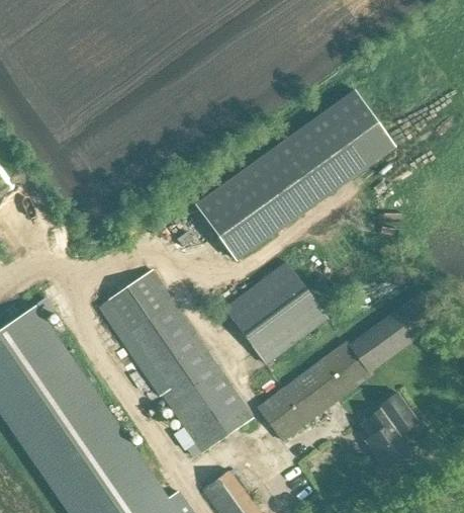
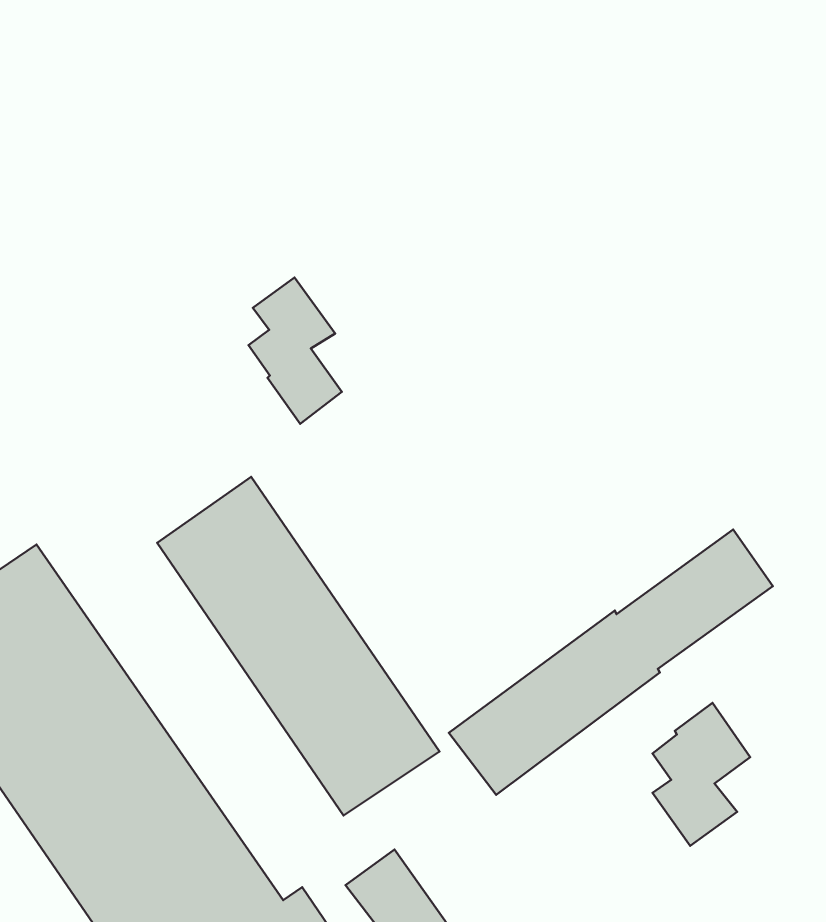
building: [197,92,395,262] -> none
building: none -> [249,278,342,424]
building: [224,263,327,364] -> none

